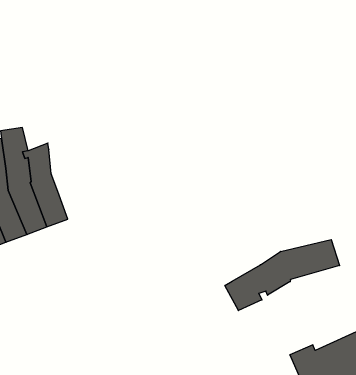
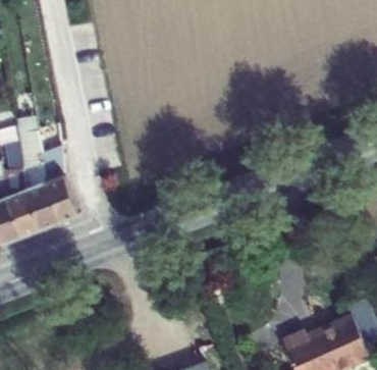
building: [225,240,340,311] -> none

